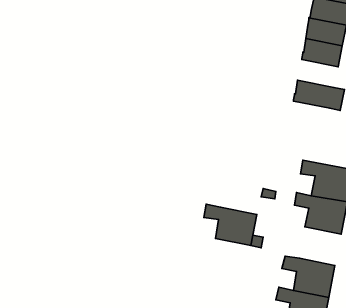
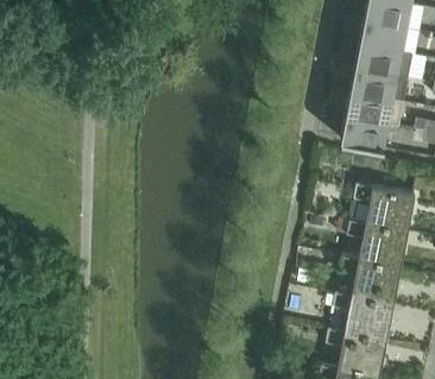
building: none -> [349,69,396,101]
building: none -> [340,116,386,150]
building: [204,204,257,246] -> [339,257,399,304]

